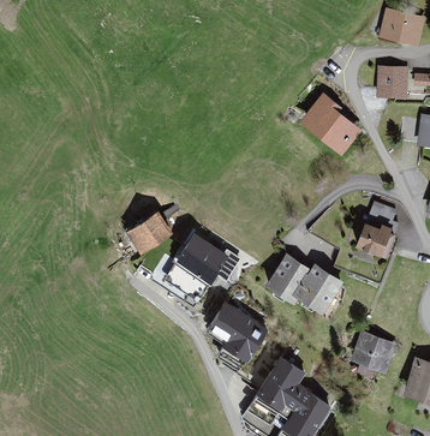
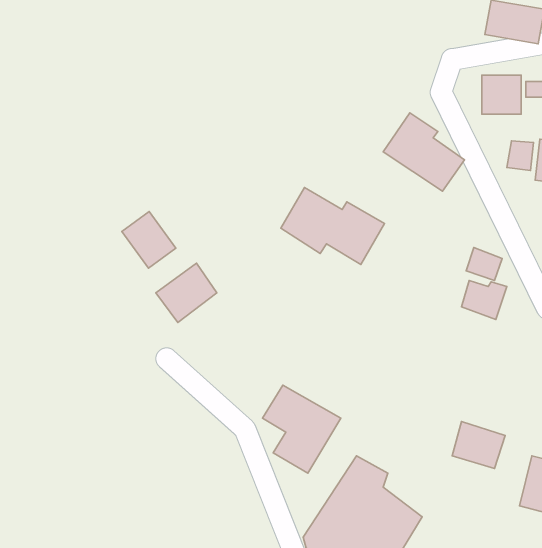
building: none -> [122,211,176,268]
building: [165,234,226,298] -> none
building: [265,253,345,312] -> [281,188,384,264]

